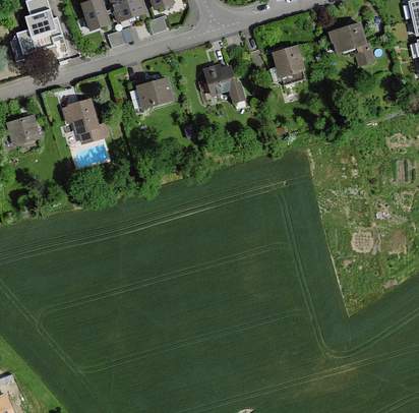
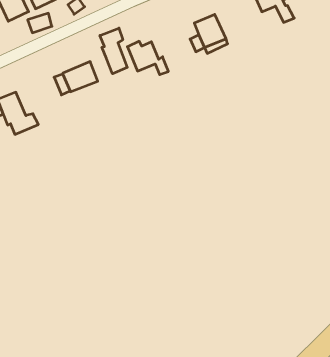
building: none -> [100,28,127,74]

